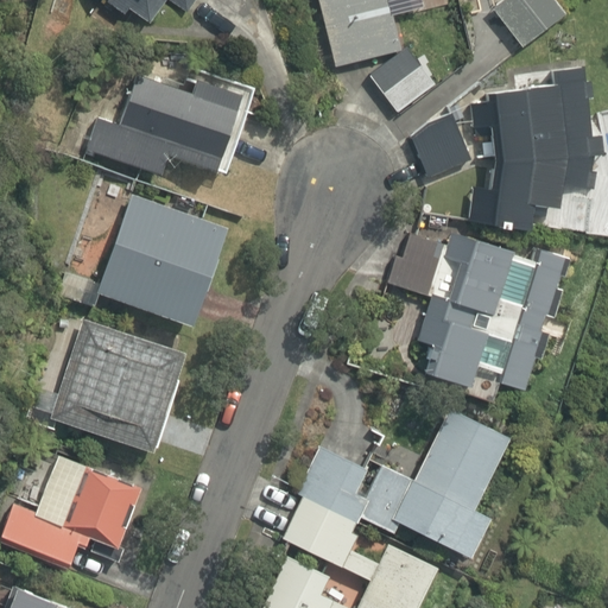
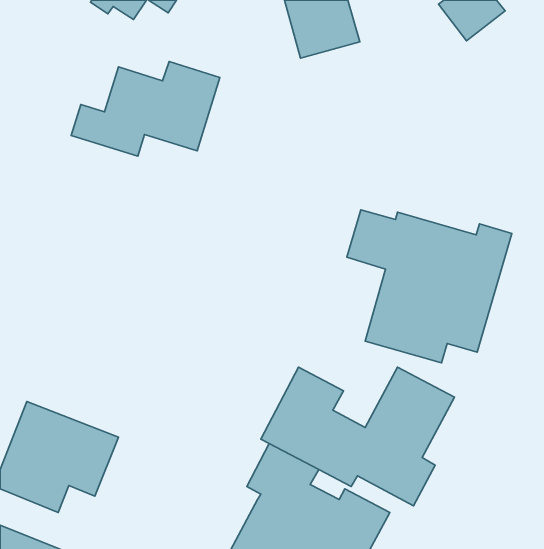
building: [373,49,441,115] -> none
building: [410,63,595,234] -> none
building: [100,190,227,323] -> none
building: [48,317,189,455] -> none

